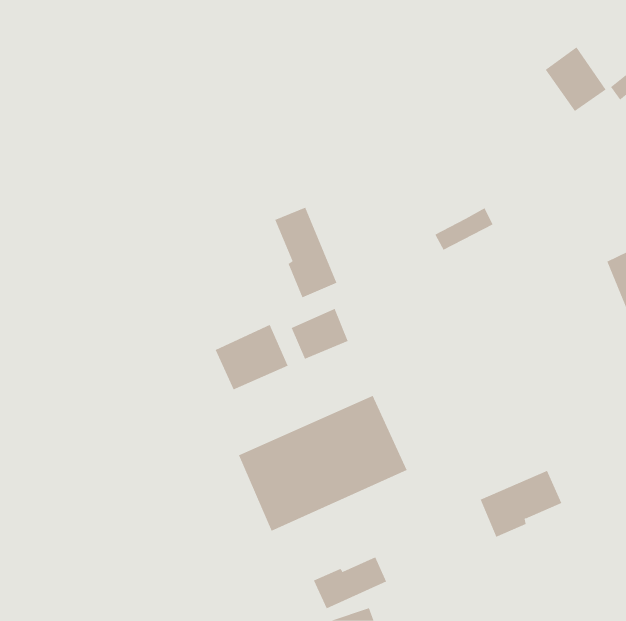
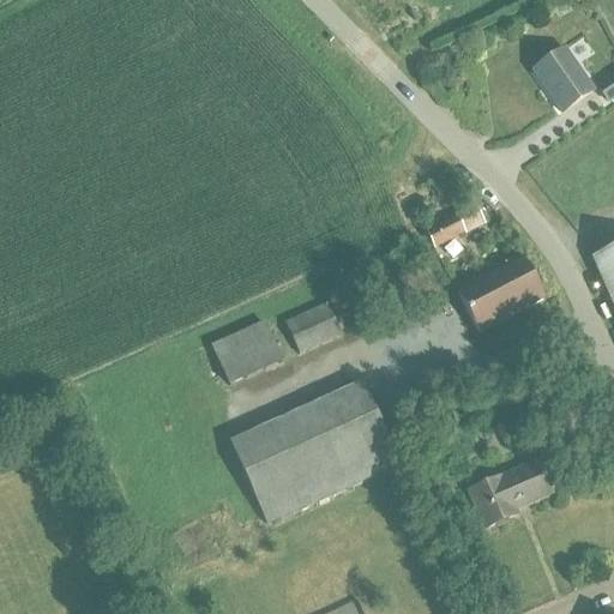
building: [274,207,337,298] -> none
building: none -> [458,254,543,329]
building: [313,556,387,609] -> none

